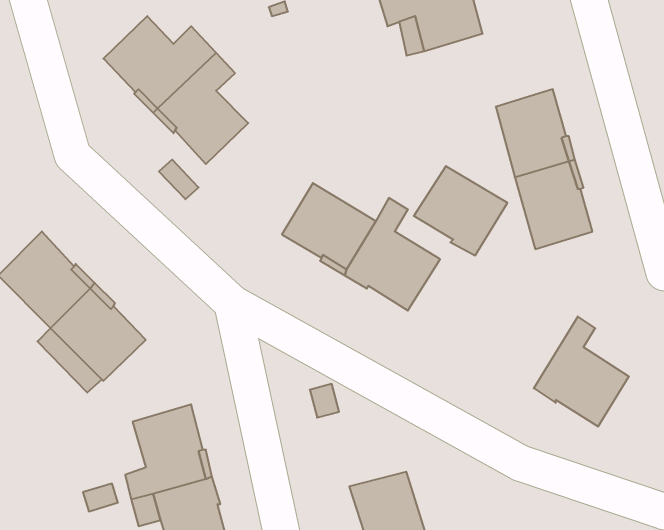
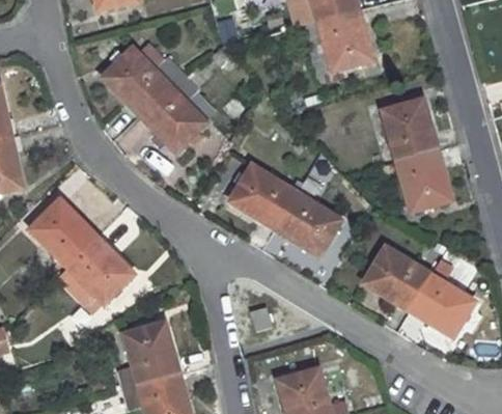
building: [414,166,507,255] -> [365,247,431,310]

